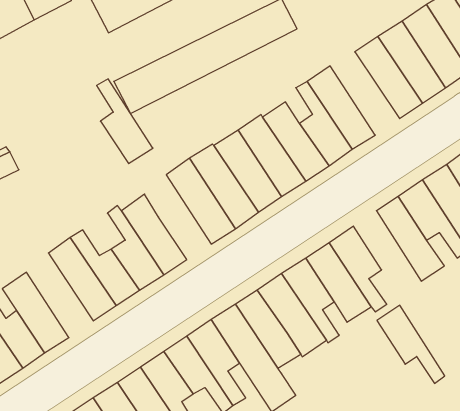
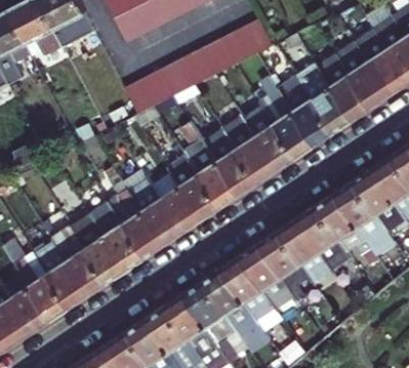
building: none -> [310,65,355,132]
building: [97,79,153,164] -> [159,164,204,232]
building: none -> [54,230,110,294]
building: [377,305,445,383] -> [318,193,372,255]

